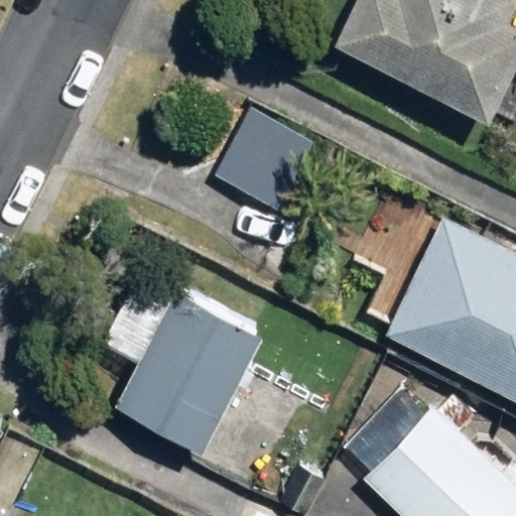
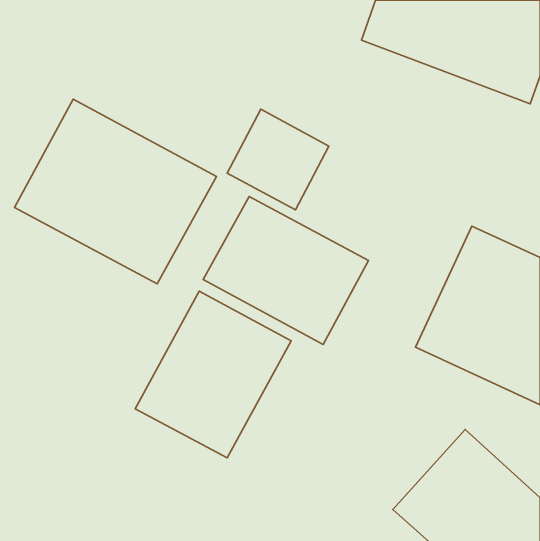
building: none -> [15,99,217,284]
building: none -> [203,196,369,344]

